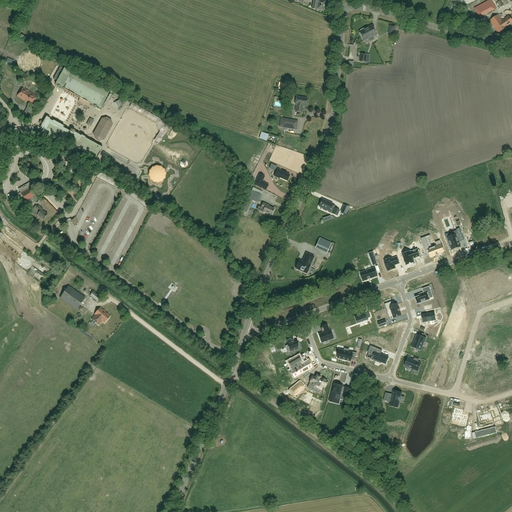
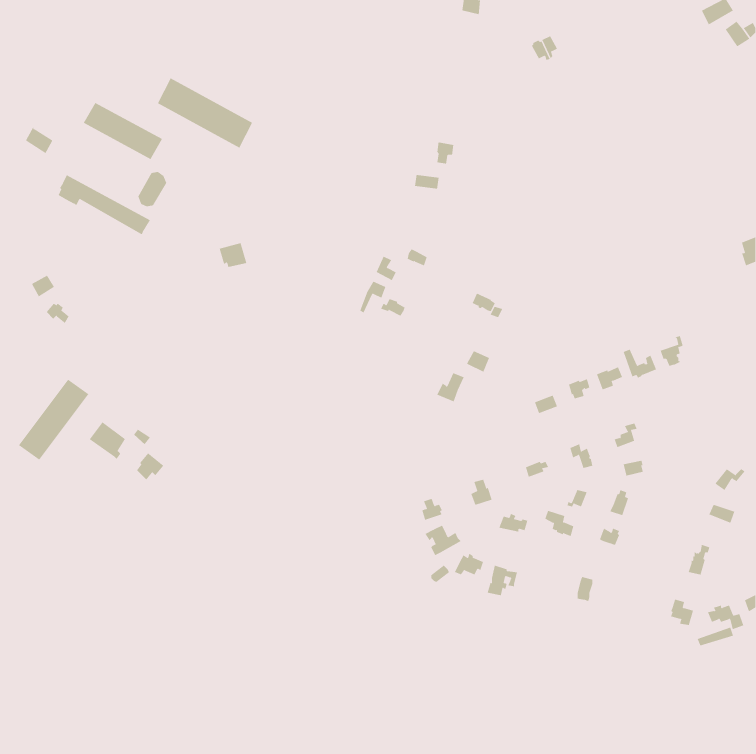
building: none -> [157,78,253,148]
building: none -> [18,379,89,461]

